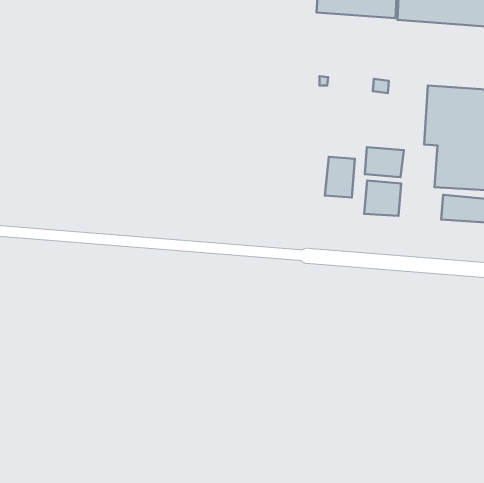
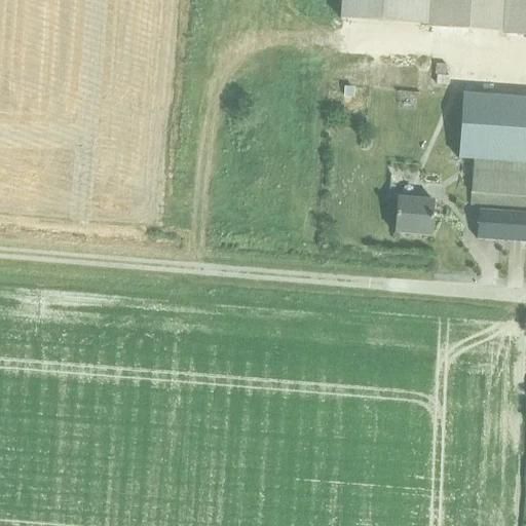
building: [365,147,404,177] -> none
building: [325,157,355,198] -> none

